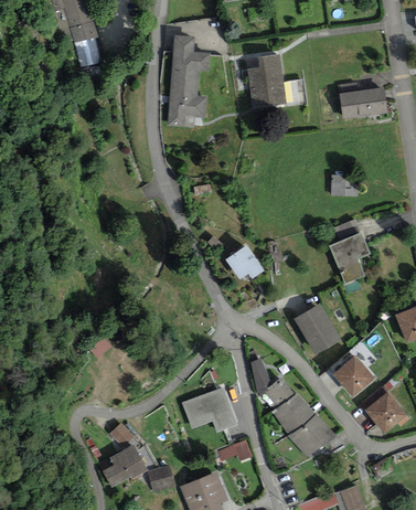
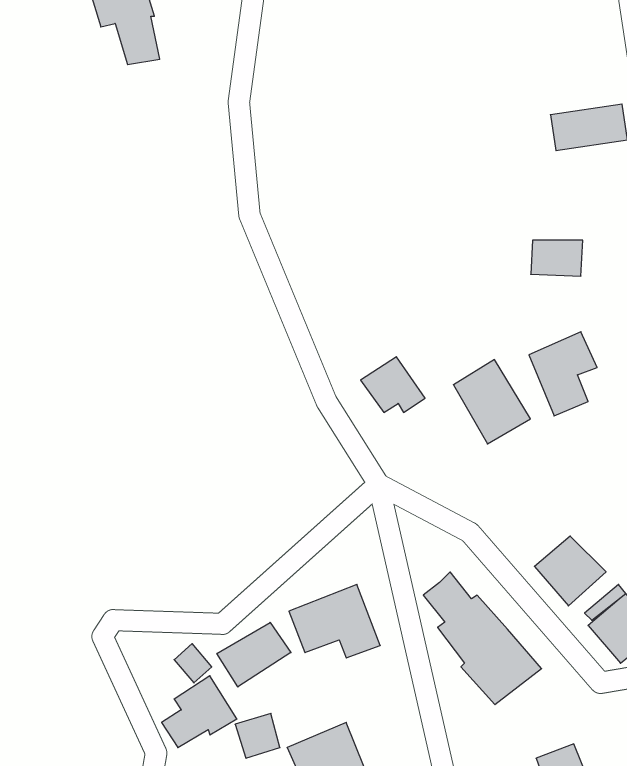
building: [168,38,211,128] -> none
building: [246,52,308,111] -> none
building: [295,304,342,355] -> [453,360,530,444]
building: [252,357,274,395] -> none
building: none -> [217,622,291,687]
building: [220,438,255,461] -> none

